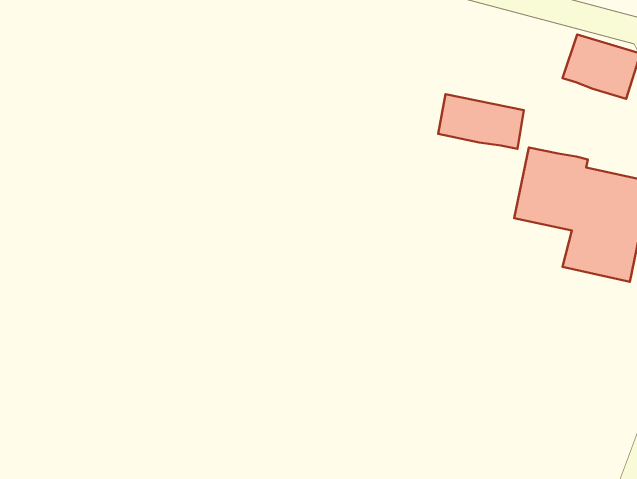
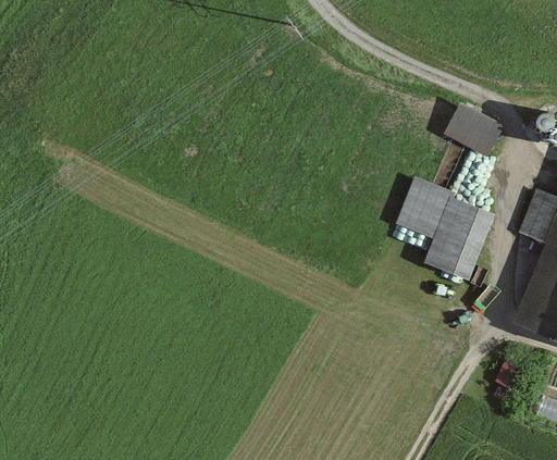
building: [438,94,524,149] -> none

